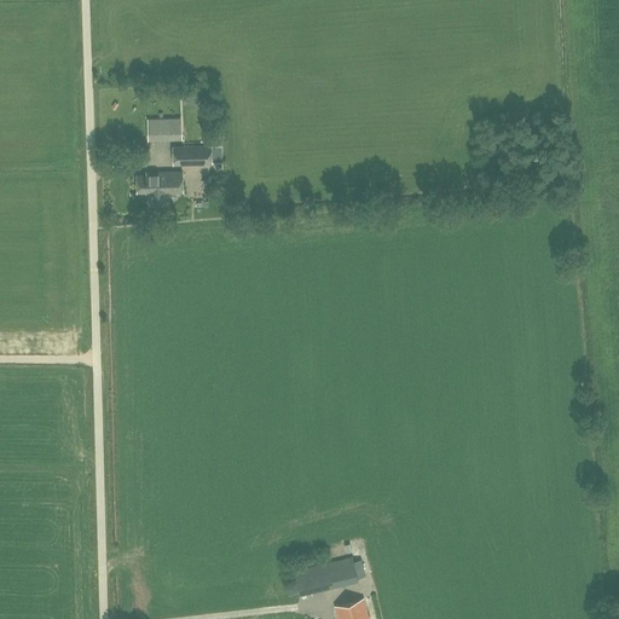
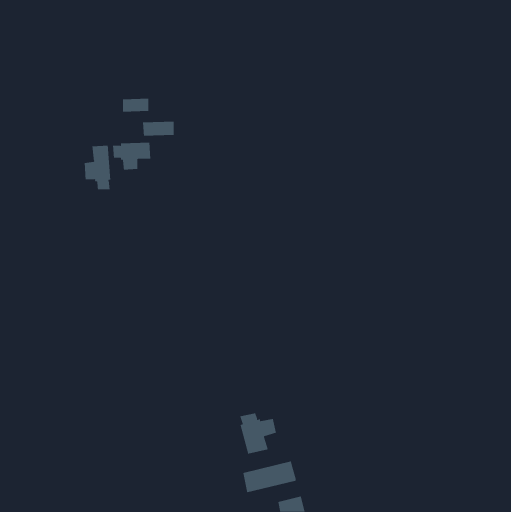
building: none -> [84,145,111,190]
building: none -> [240,412,277,455]

